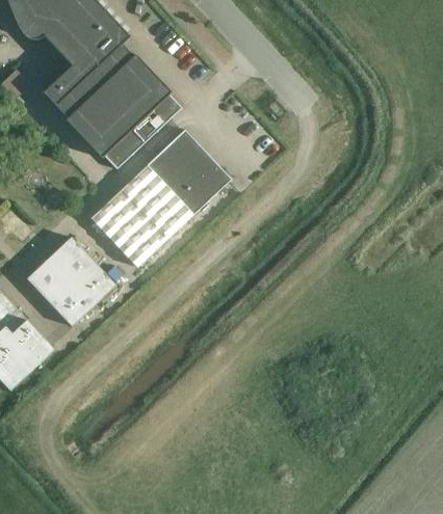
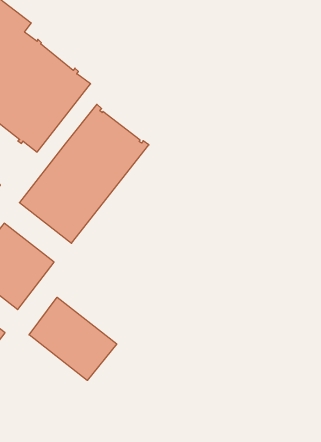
building: none -> [29,297,117,380]

